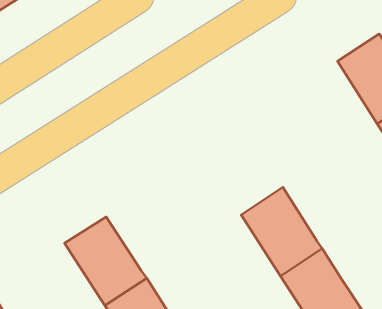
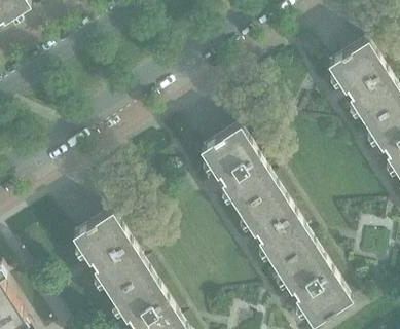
building: none -> [201,127,278,212]

